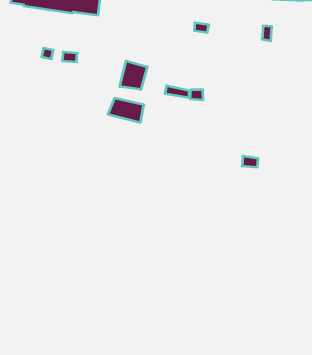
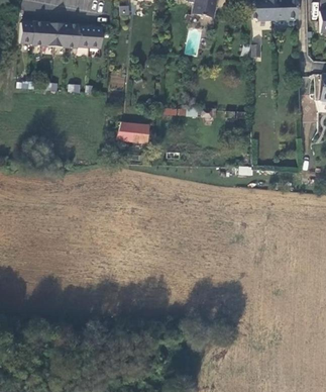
building: [120,61,147,90] -> none

